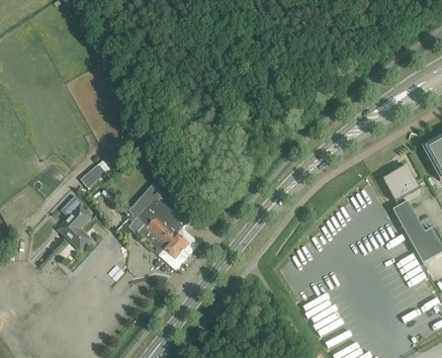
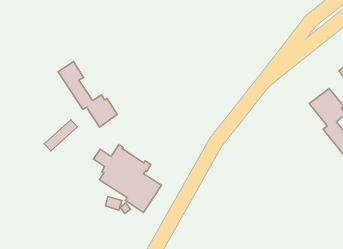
building: none -> [58,61,117,127]
building: [59,204,91,248] -> none

